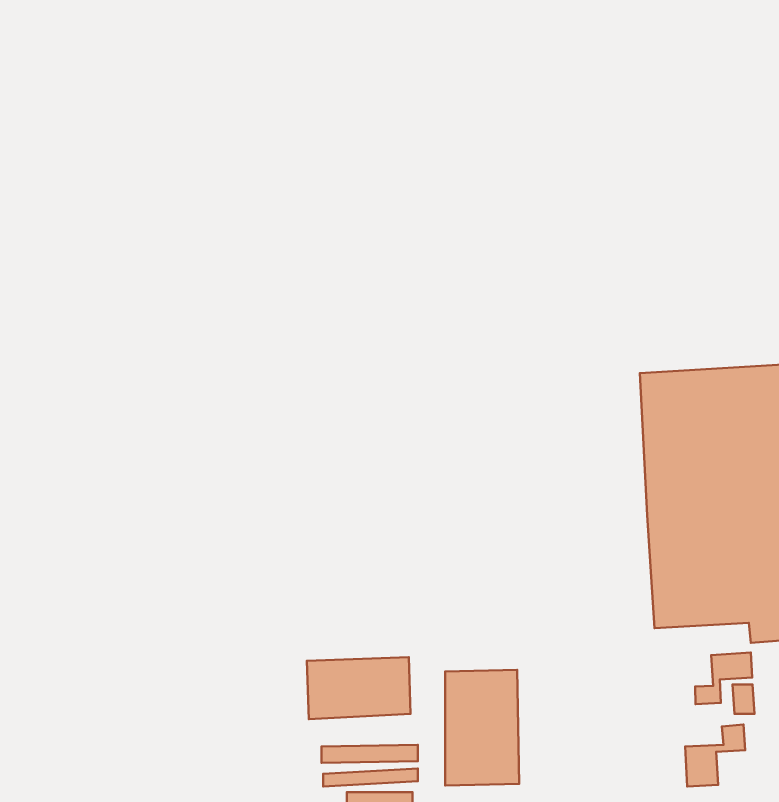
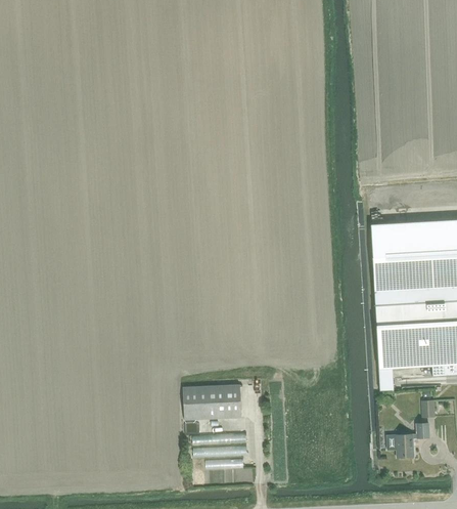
building: [695,652,752,704] -> none
building: [445,670,519,786] -> none

